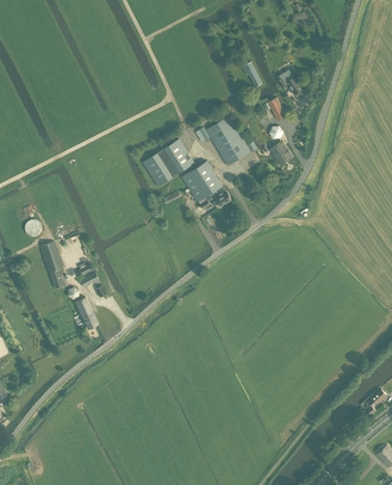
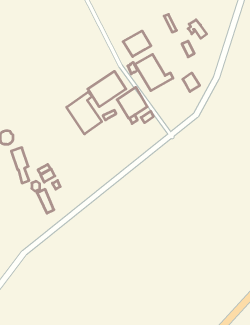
building: none -> [123,31,151,57]
building: none -> [67,92,102,134]

